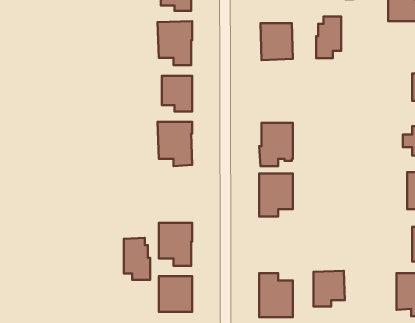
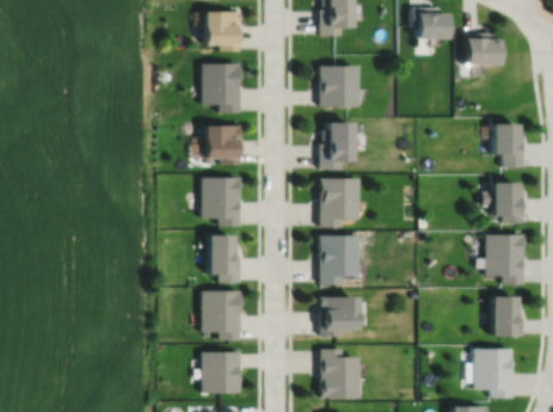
building: [316,16,341,58] -> [321,121,350,168]
building: [124,238,150,280] -> [211,234,241,282]
building: [313,271,345,307] -> [319,296,355,337]

